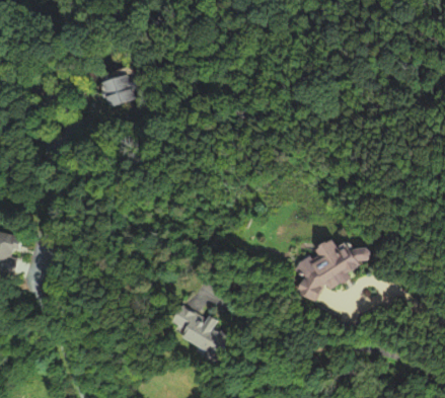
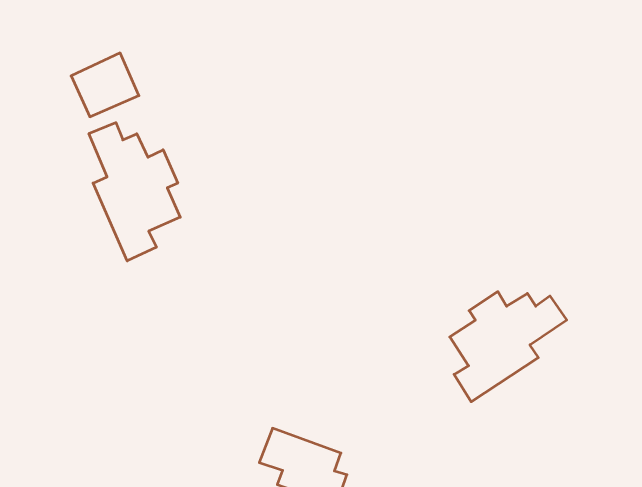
building: none -> [89,123,180,261]

